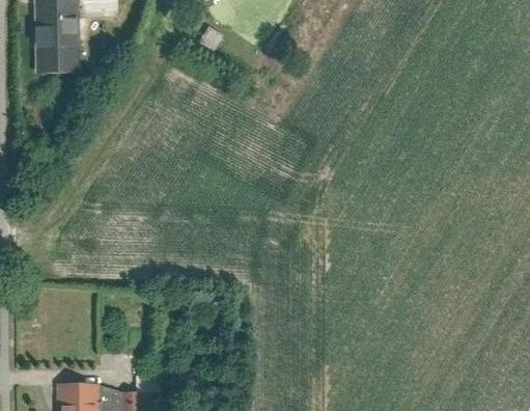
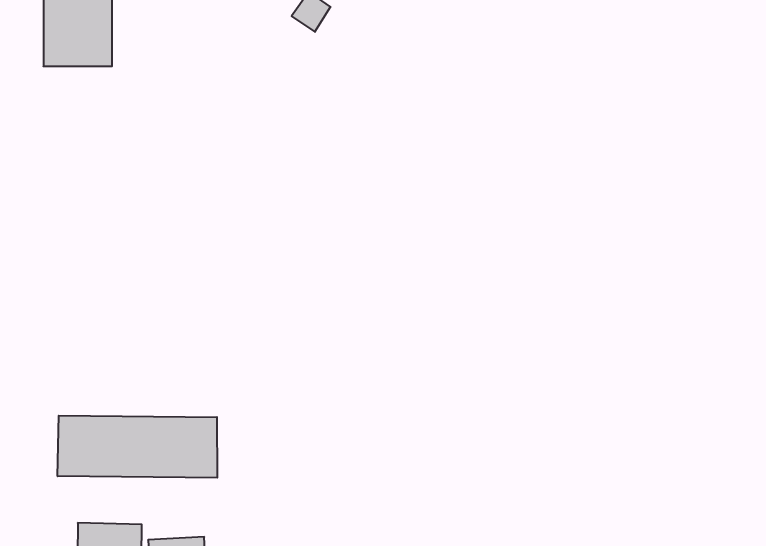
building: none -> [58,416,217,478]

